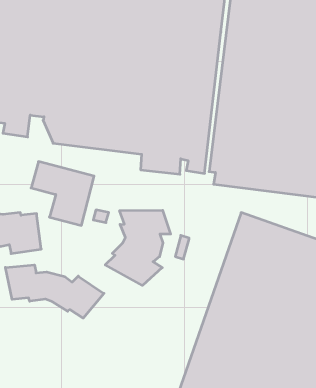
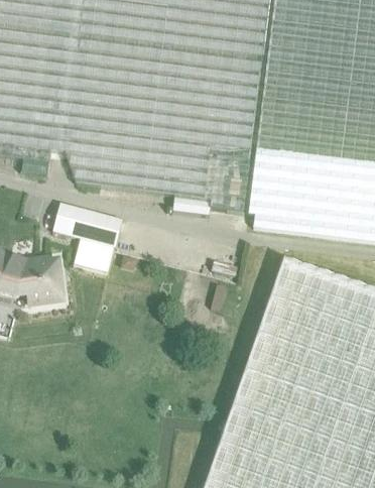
building: [105,210,171,285] -> none
building: [5,265,104,318] -> none

